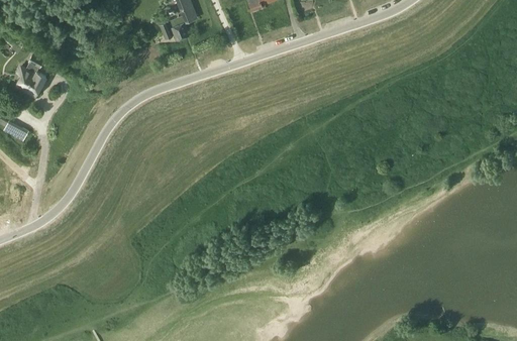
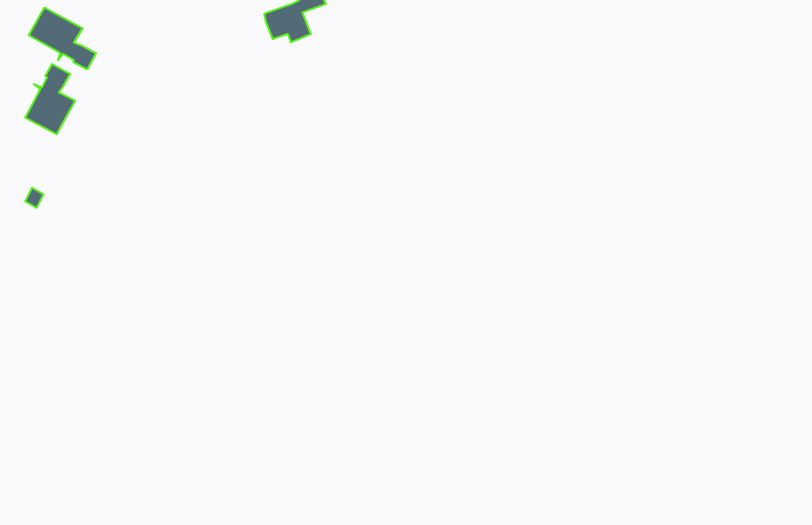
building: none -> [29,8,96,69]

